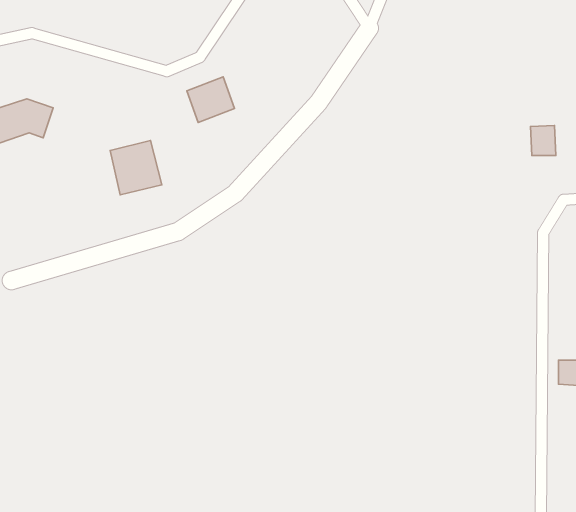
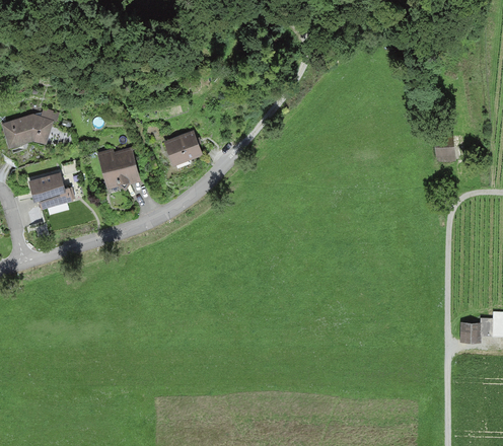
building: [187,77,235,122] -> [164,130,203,166]
building: none -> [28,171,73,211]

